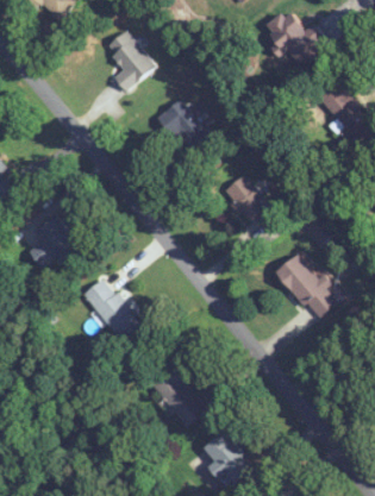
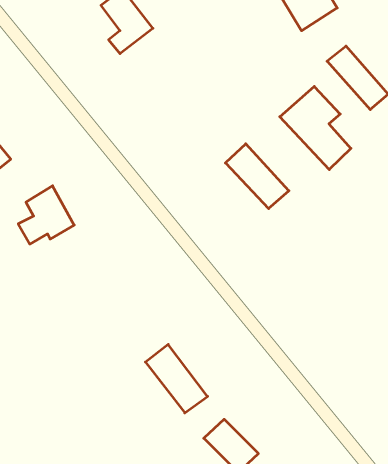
building: [160,99,215,158] -> none
building: none -> [280,86,351,170]
building: [275,253,337,320] -> none
building: [82,277,139,341] -> none

